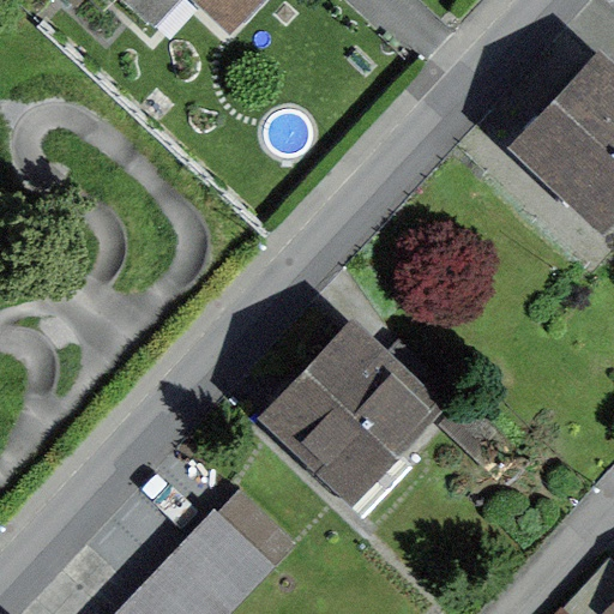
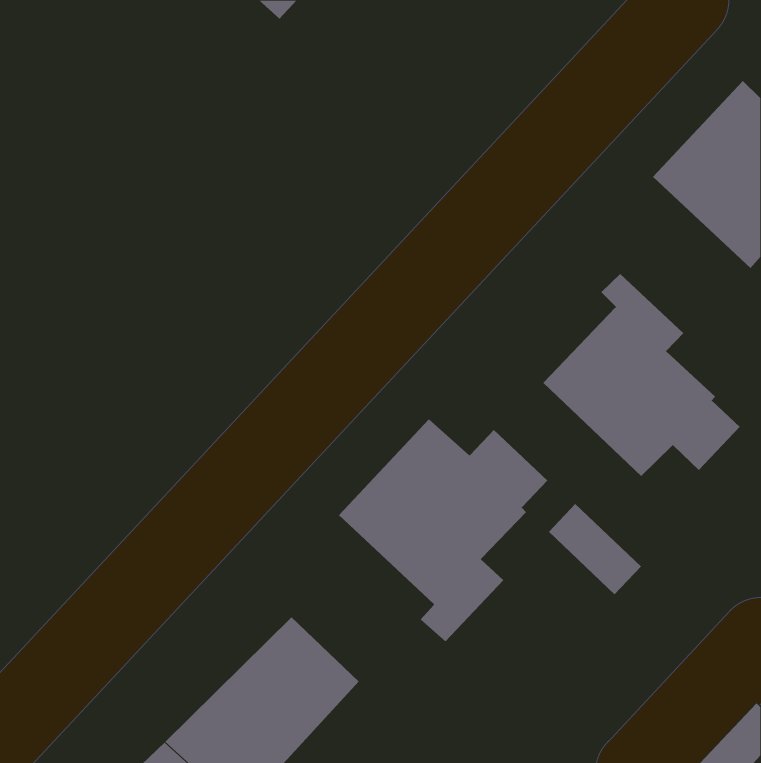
building: none -> [543,273,740,477]

